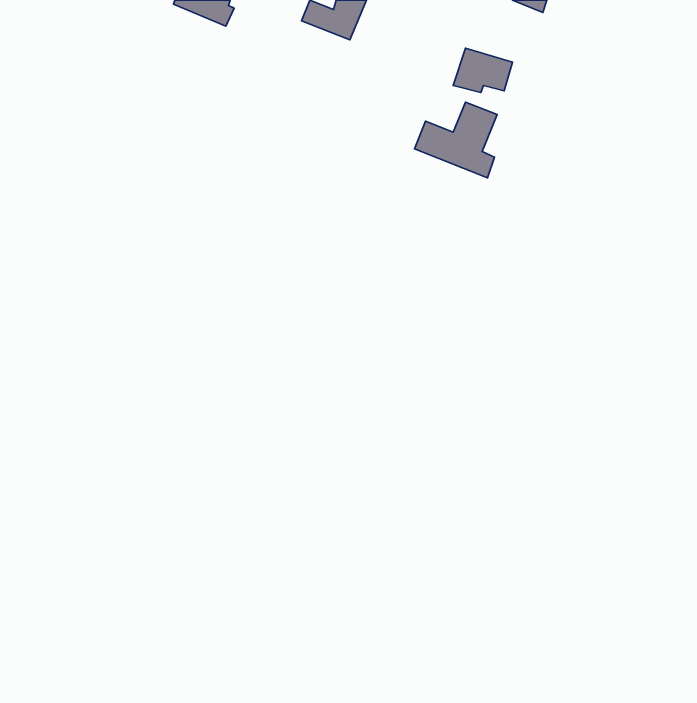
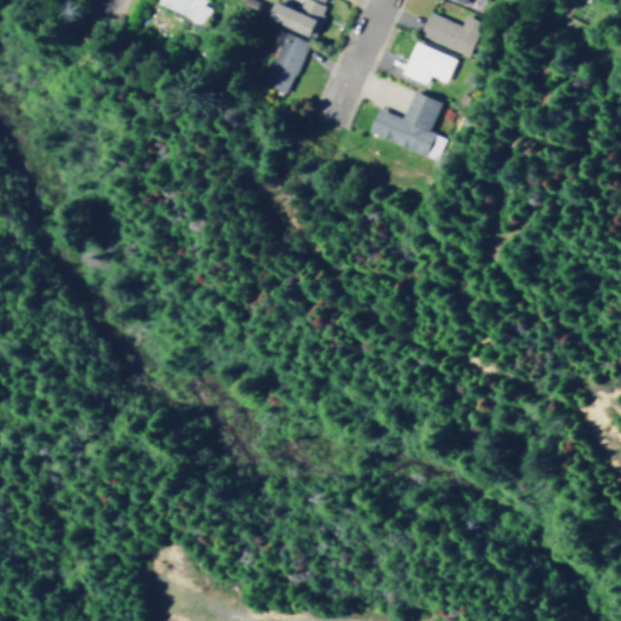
building: none -> [422,12,485,56]
building: none -> [266,30,308,93]

